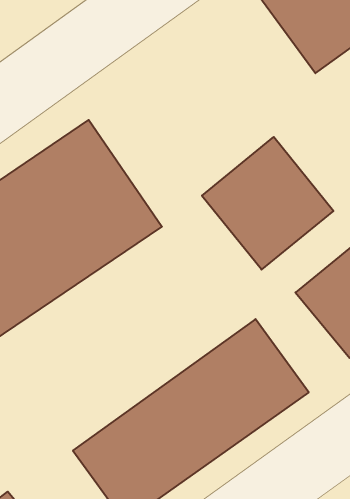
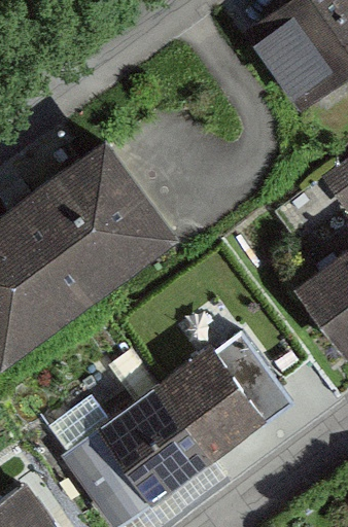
building: [202,137,333,270] -> none

